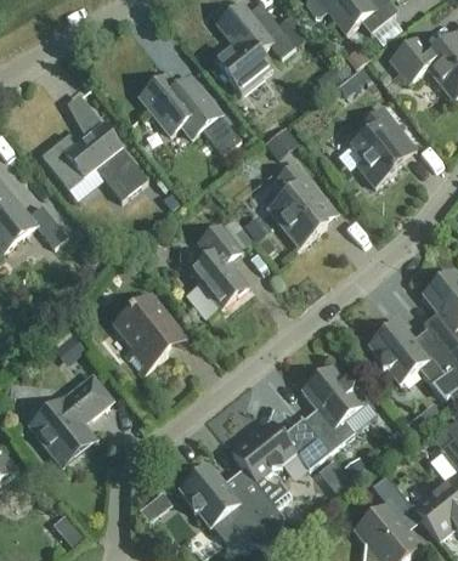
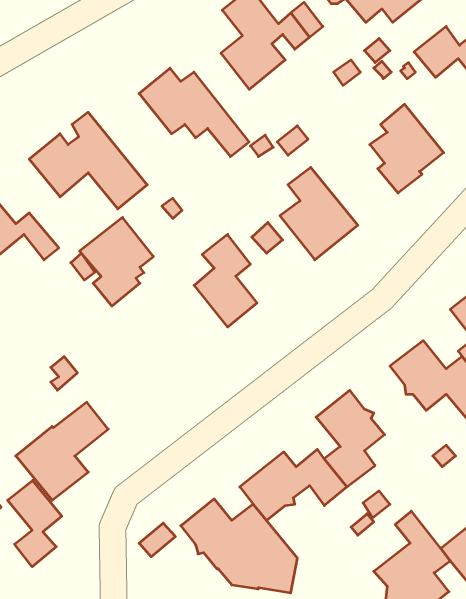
building: [112,293,179,373] -> [80,217,153,306]
building: none -> [8,480,62,567]

